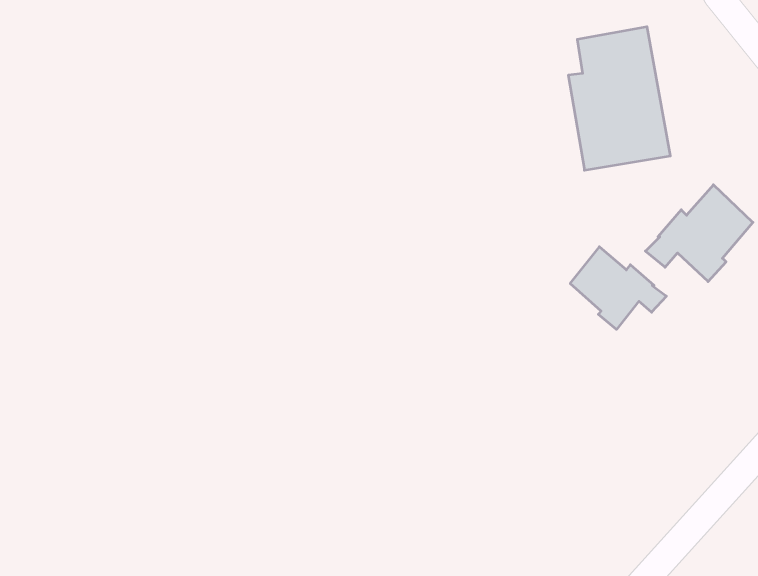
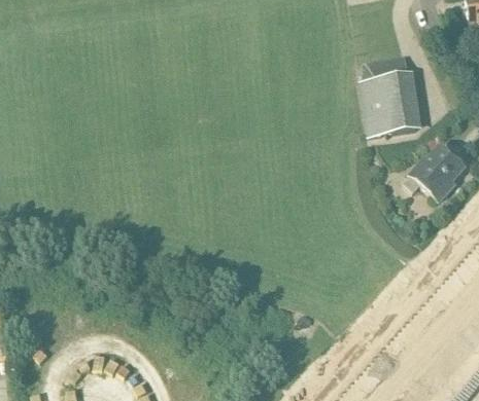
building: [570,247,666,329] -> none

